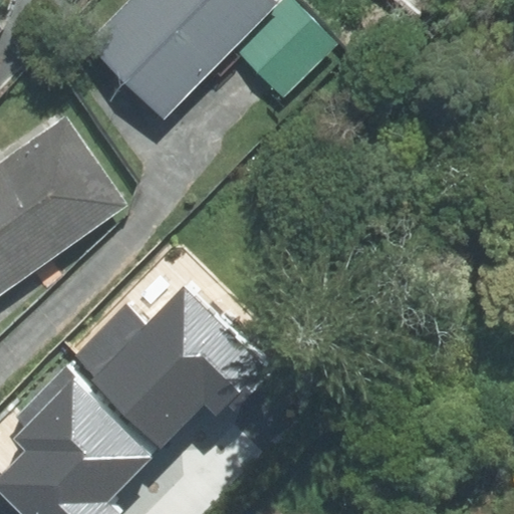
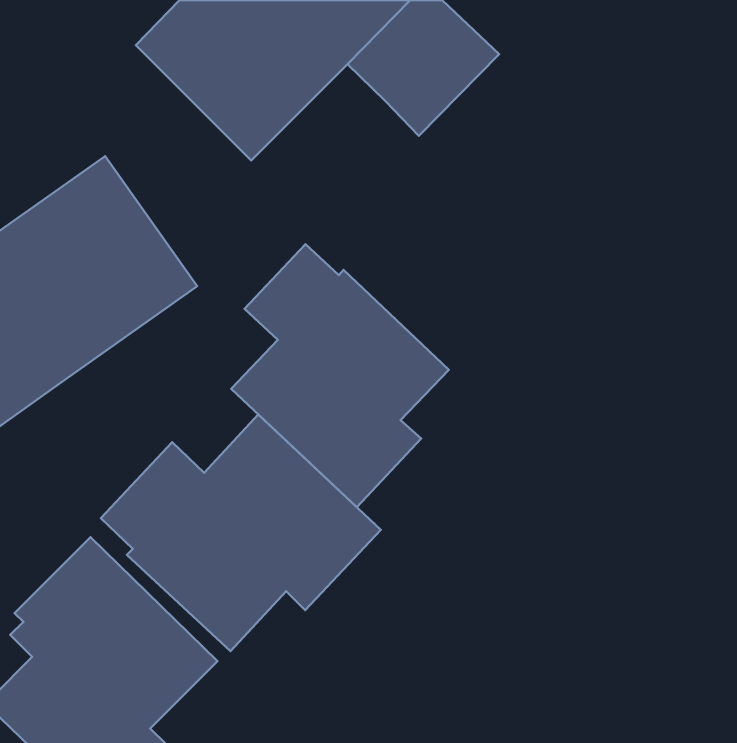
building: none -> [231,244,449,507]

